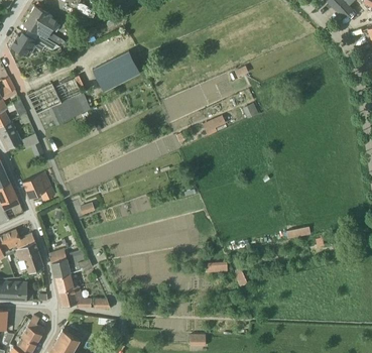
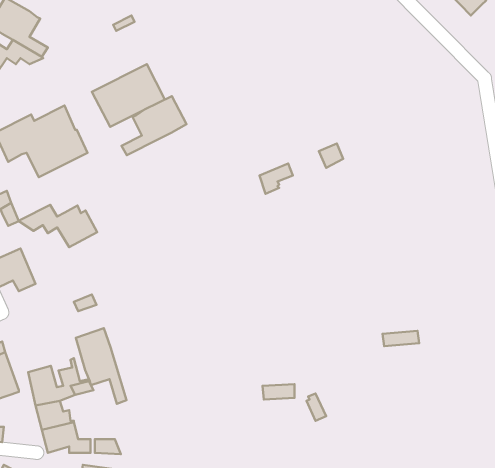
building: none -> [122,96,187,155]
building: none -> [19,205,97,247]
building: none -> [76,328,126,404]

